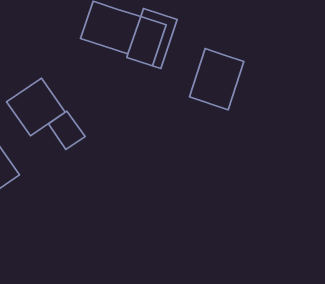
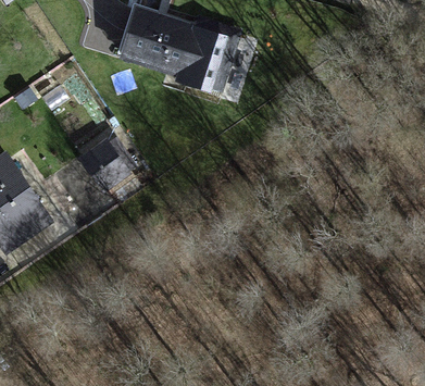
building: [189,48,244,110] -> none
building: [7,78,65,136] -> none

